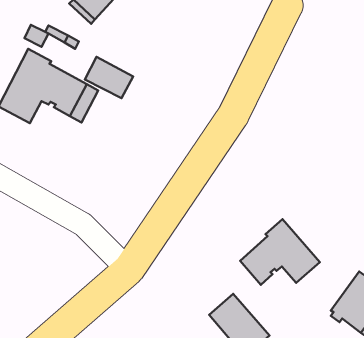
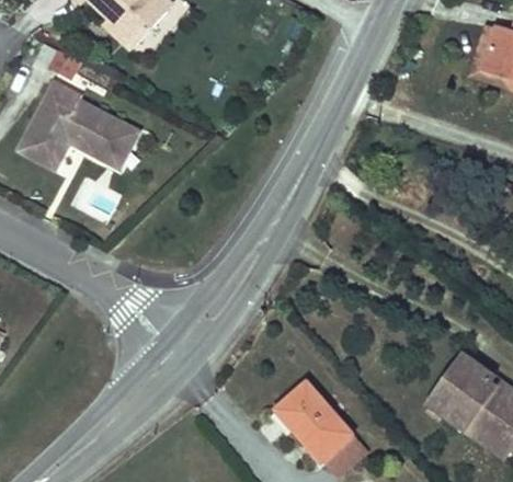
building: [85,57,133,98] -> none
building: [240,219,320,285] -> none

